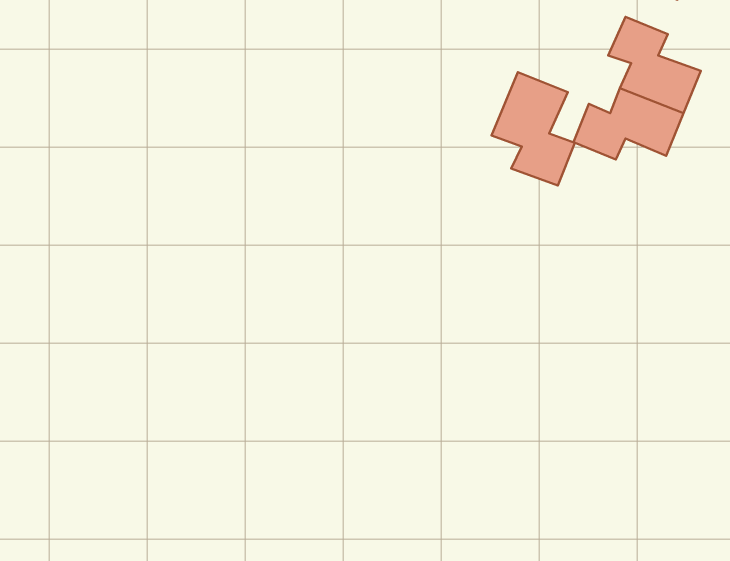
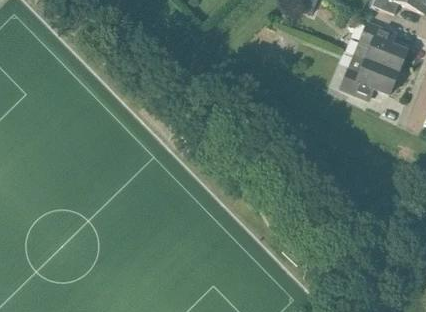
building: [491,72,575,186] -> none

